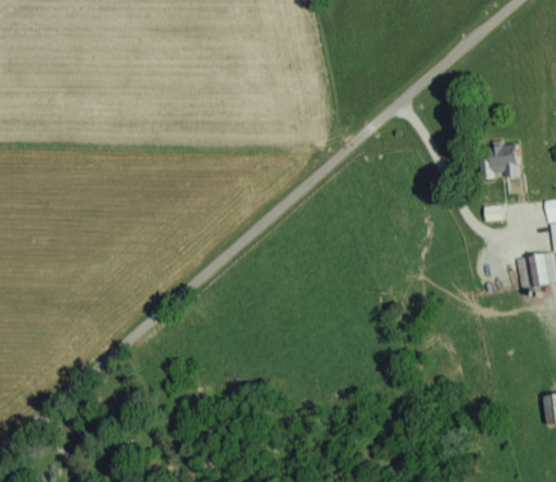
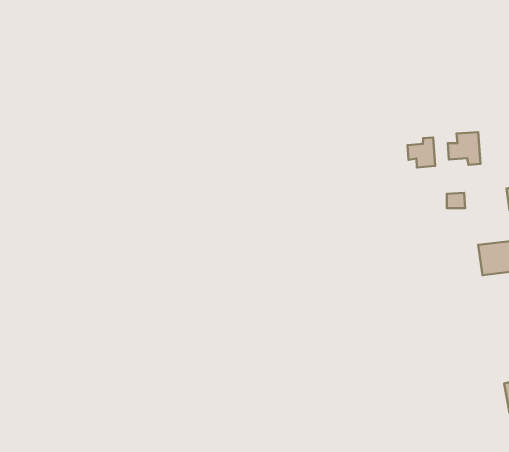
building: none -> [407,138,435,167]

